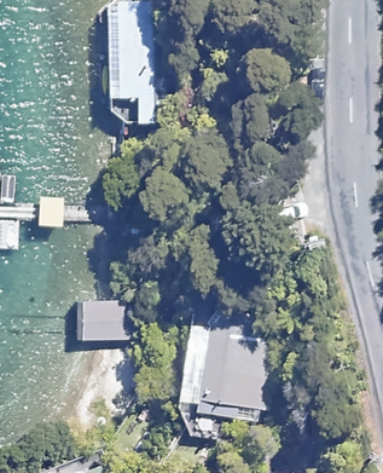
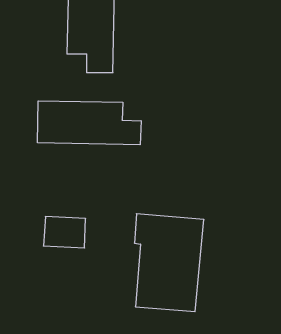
building: none -> [38,101,141,145]

